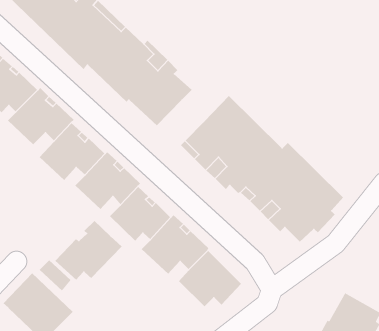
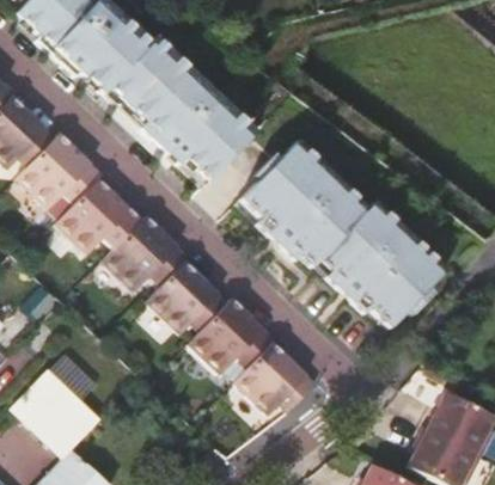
building: [54,220,123,280] -> none

